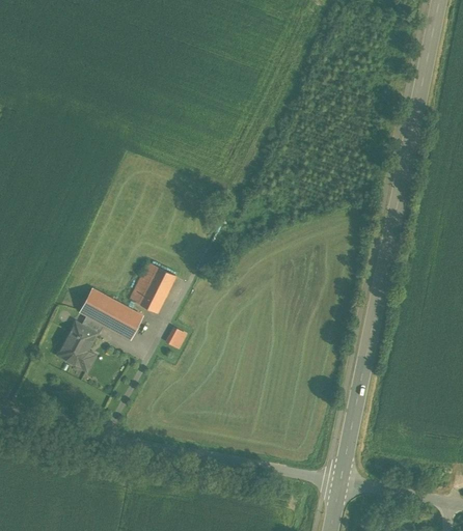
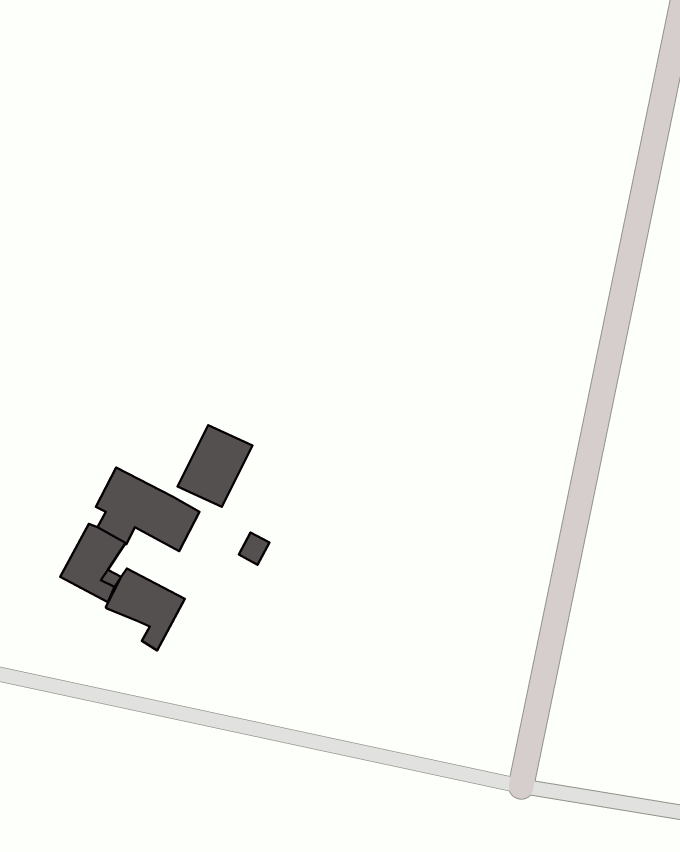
building: none -> [106,569,185,650]

